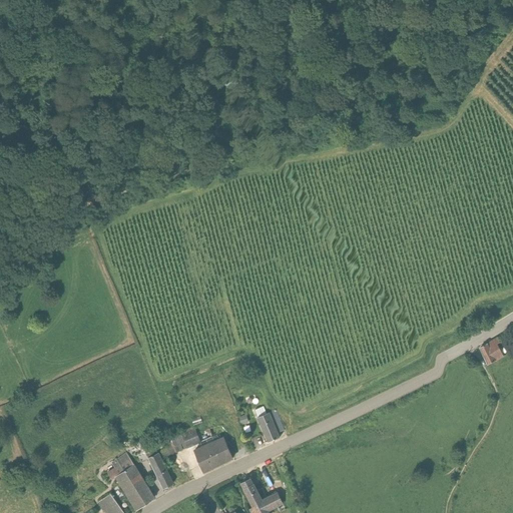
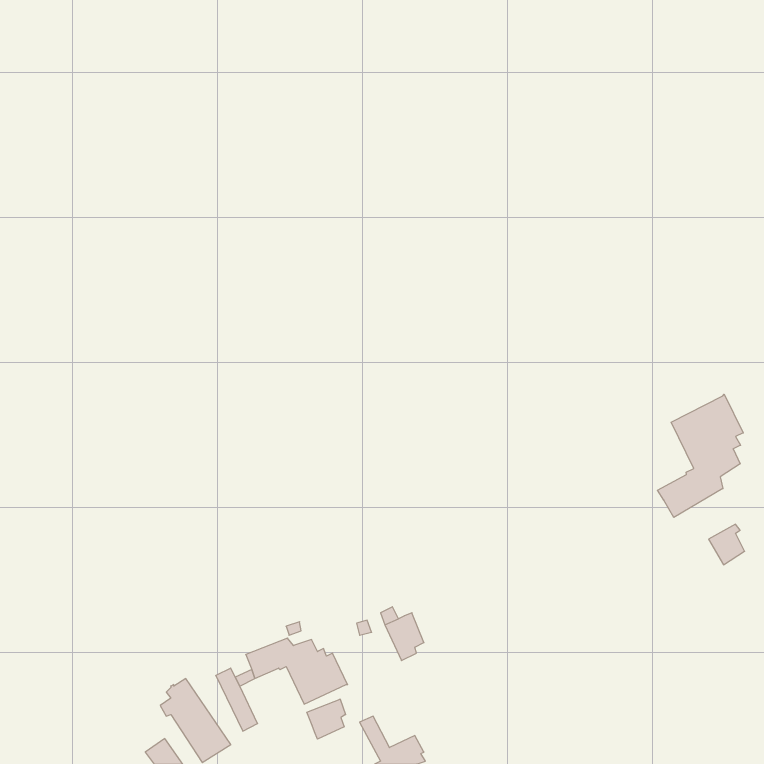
building: none -> [657,394,743,517]
building: none -> [307,699,346,739]

